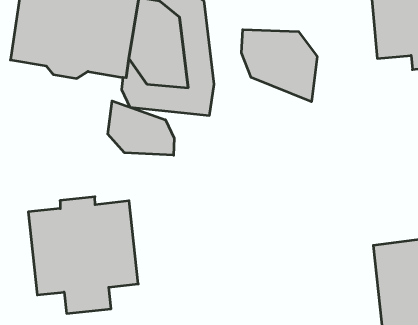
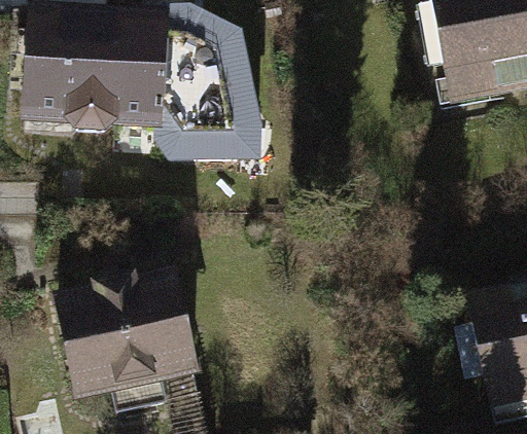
building: [241,30,317,102] -> none
building: [108,101,174,155] -> none

